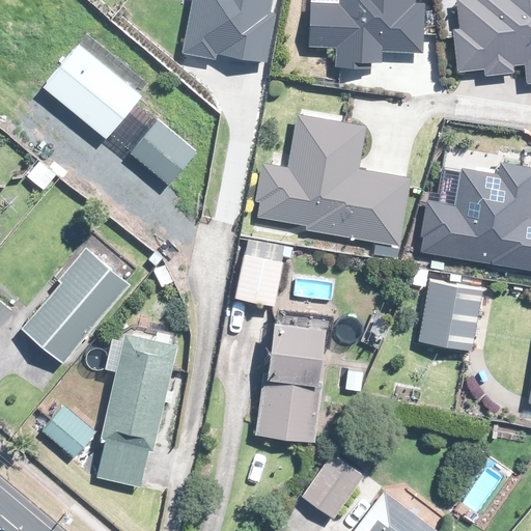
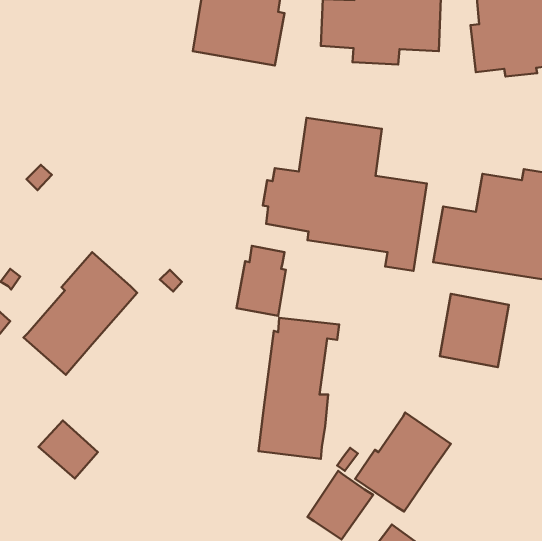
building: [48,41,151,147] -> none
building: [134,118,198,181] -> none
building: [101,329,184,483] -> none
building: none -> [355,413,451,511]

